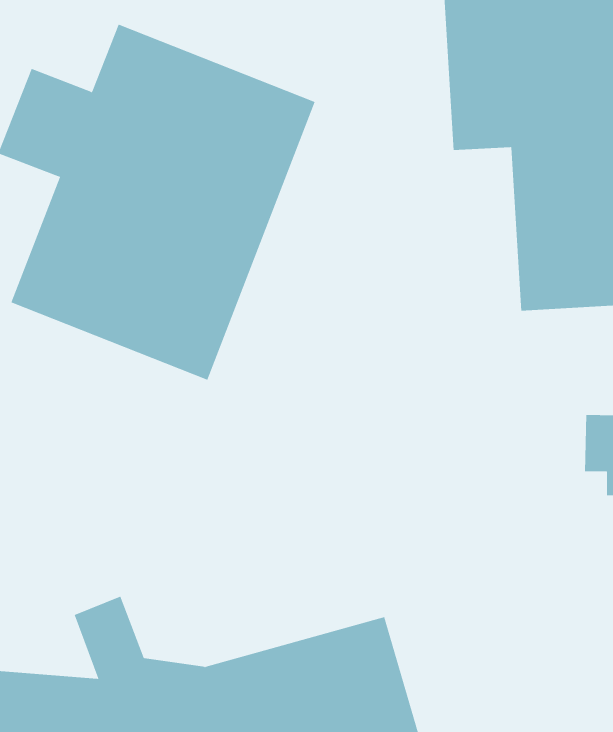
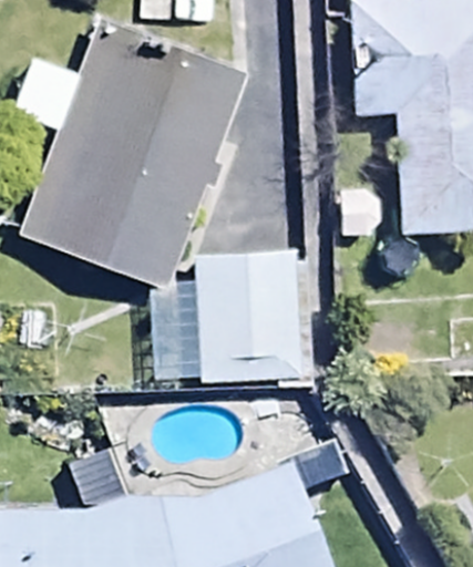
building: none -> [150,252,316,389]

